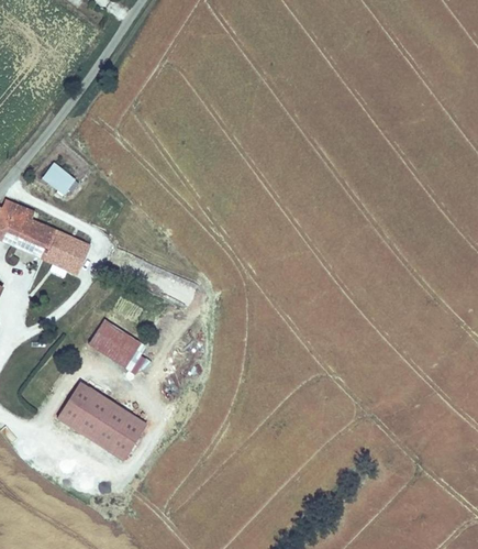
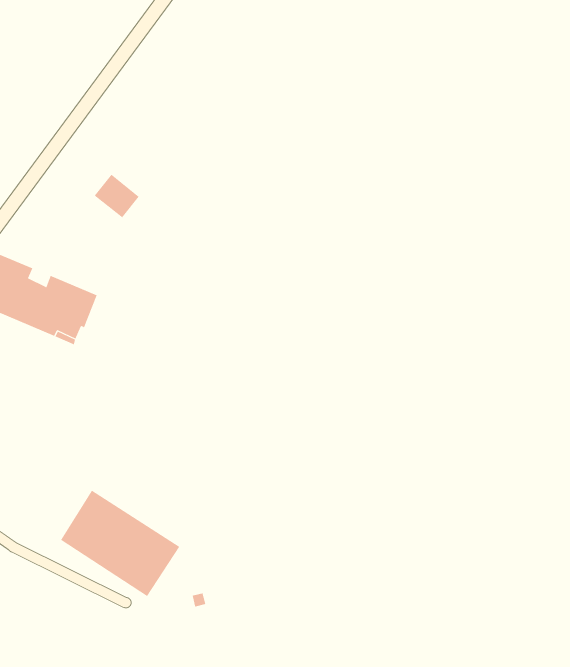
building: [41,161,76,195] -> [94,174,140,218]
building: [88,318,147,374] -> none

